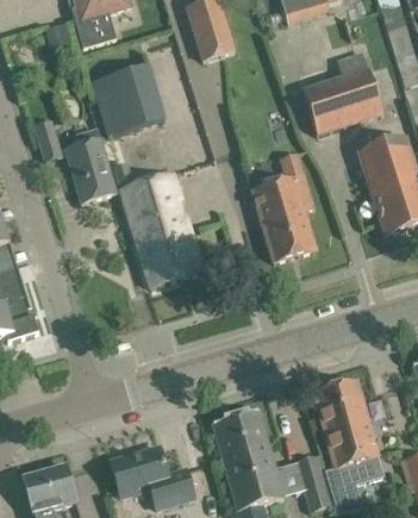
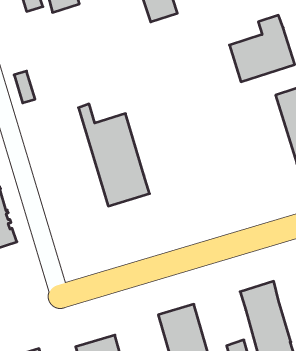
building: [89,60,163,133] -> none
building: [65,127,116,201] -> none
building: [252,151,314,262] -> none

